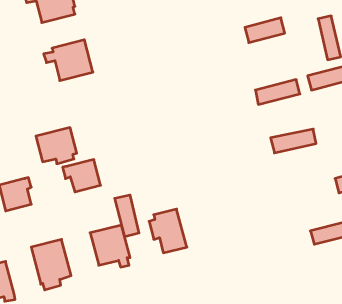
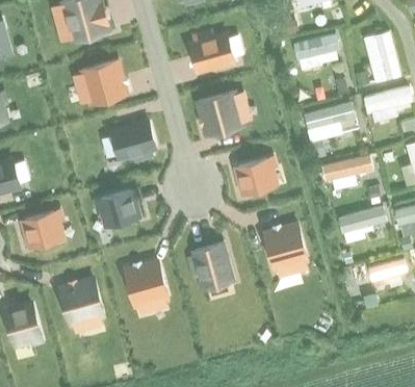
building: none -> [190,30,236,72]
building: none -> [197,89,245,134]
building: [36,128,77,164] -> [110,121,155,160]
building: none -> [237,155,276,193]
building: none -> [337,207,387,235]
building: none -> [262,223,307,269]
building: [115,195,139,237] -> none

